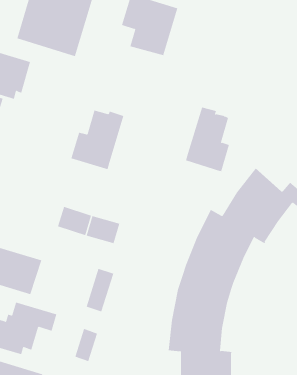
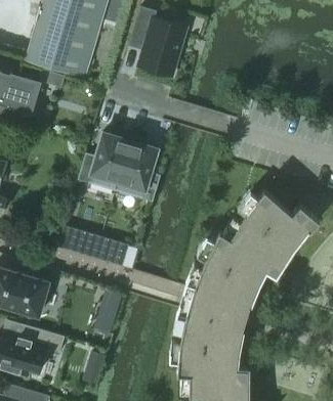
building: [185,107,230,172] -> [117,137,162,203]

